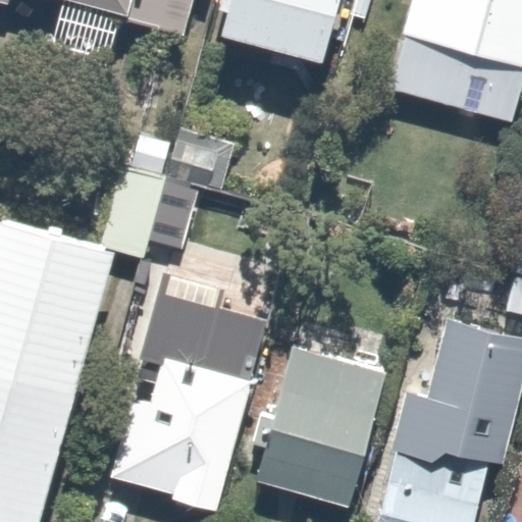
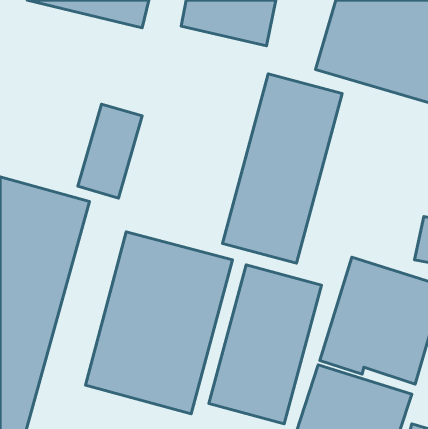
building: none -> [223,74,342,263]

